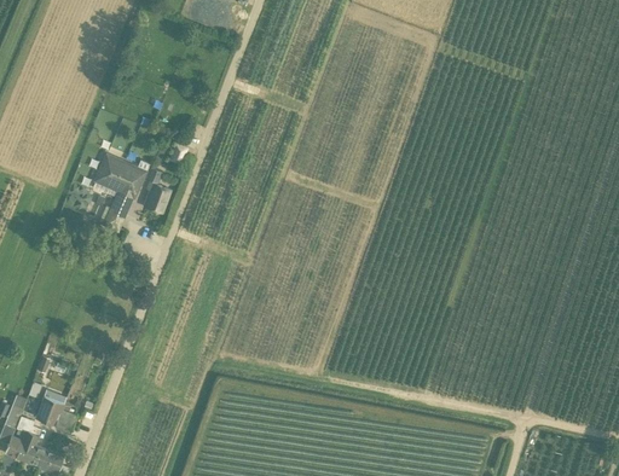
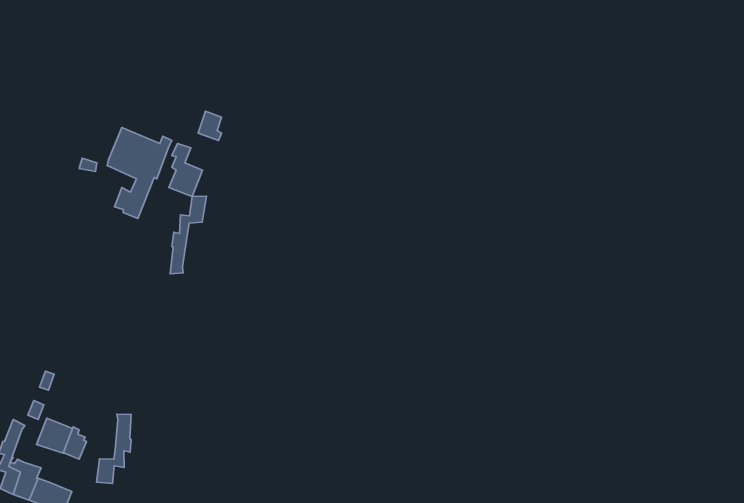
building: none -> [170,196,206,274]
building: none -> [97,414,131,483]

